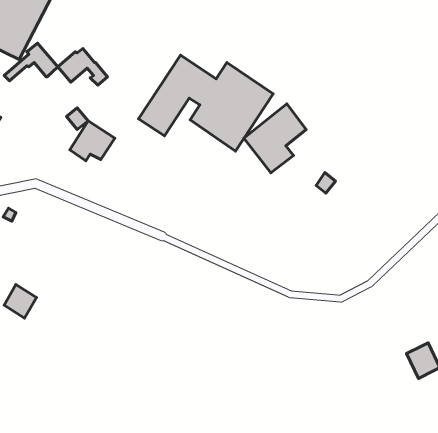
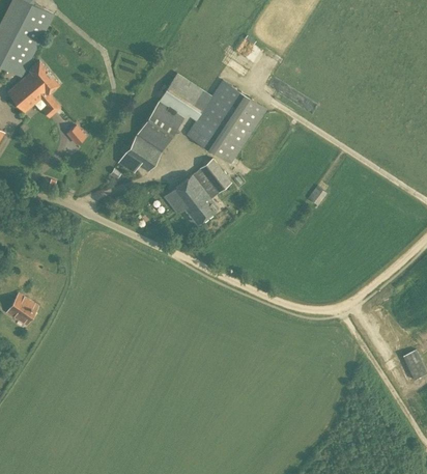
building: [58,49,107,85] -> [12,80,60,115]
building: [244,104,306,173] -> [171,158,231,224]
building: [70,121,115,161] -> [118,135,162,173]

